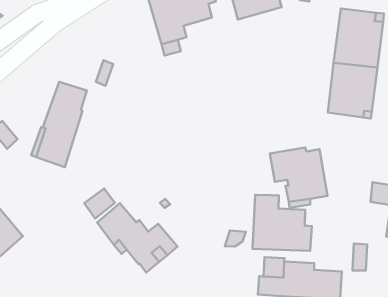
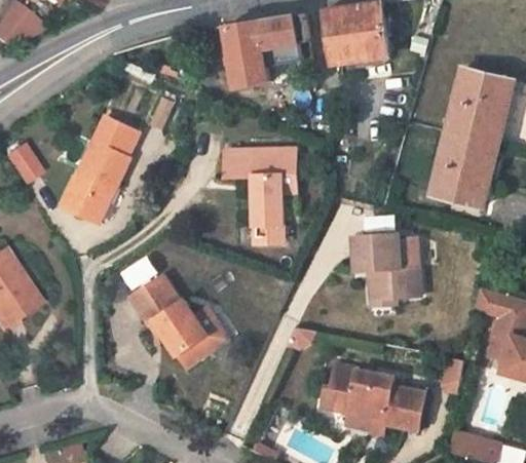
building: none -> [223,149,296,242]
building: [253,195,312,251] -> none

